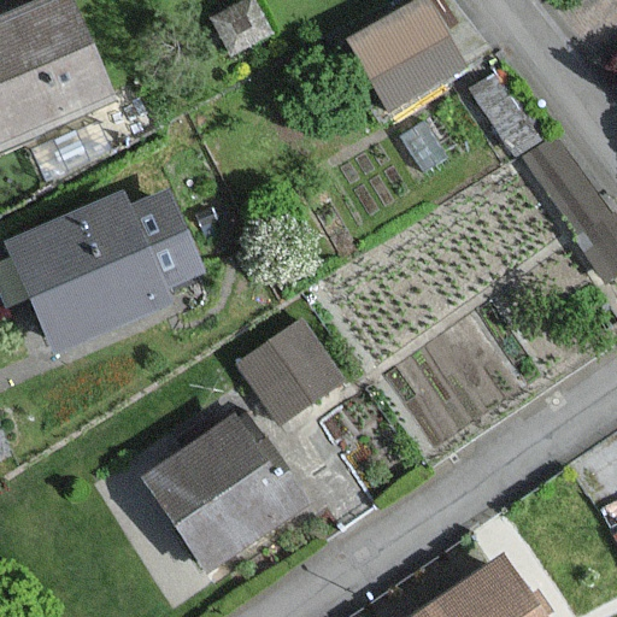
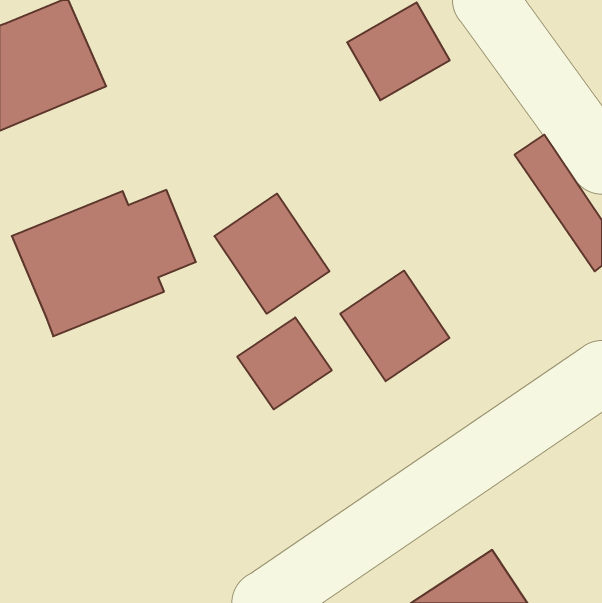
building: none -> [214,194,329,314]
building: none -> [340,271,449,381]
building: [146,418,302,565] -> none

